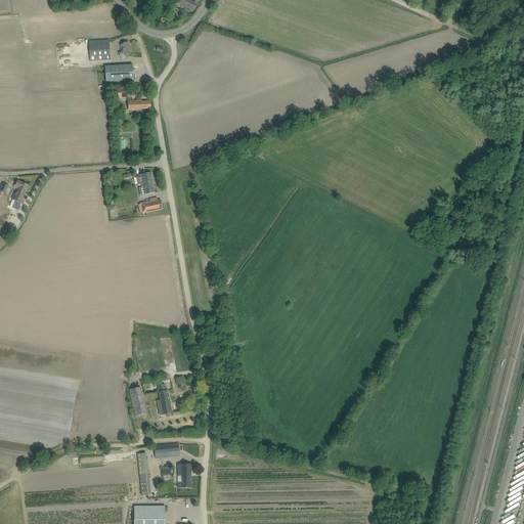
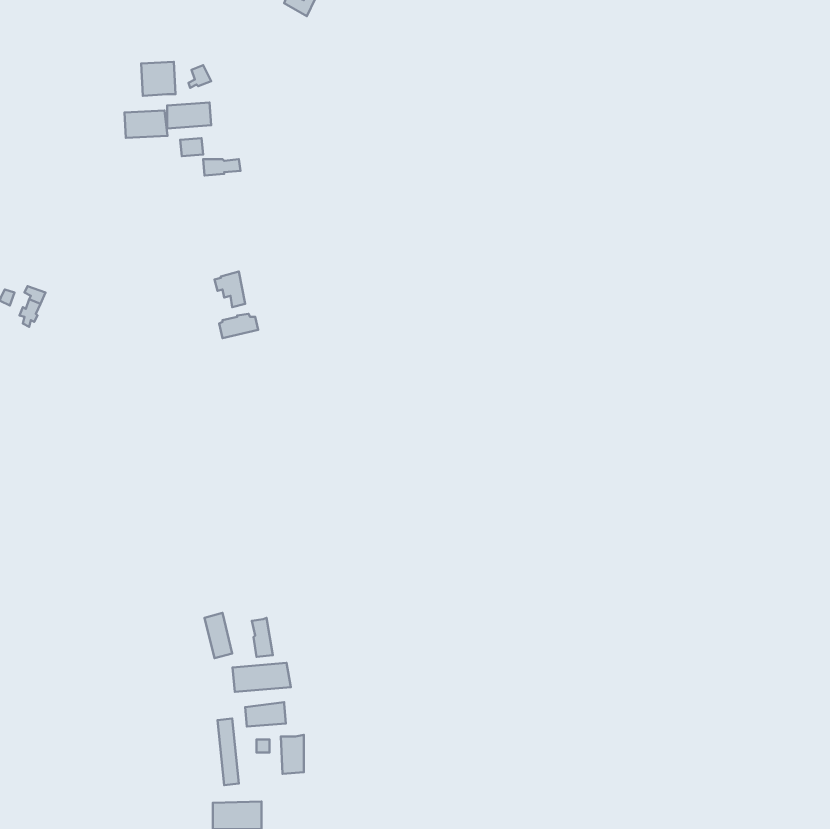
building: none -> [125,111,167,138]
building: none -> [233,663,291,692]

